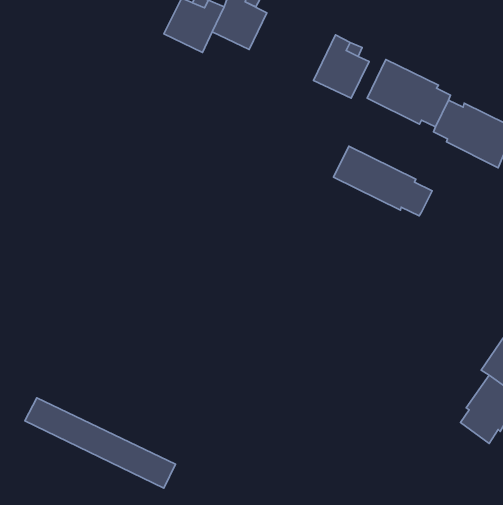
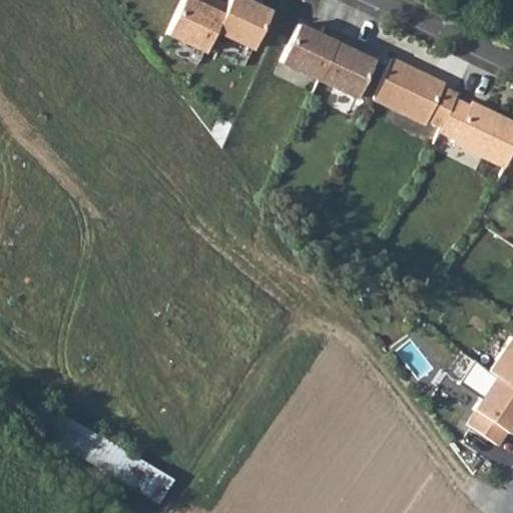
building: none -> [283,26,343,81]
building: [333,146,432,216] -> none

